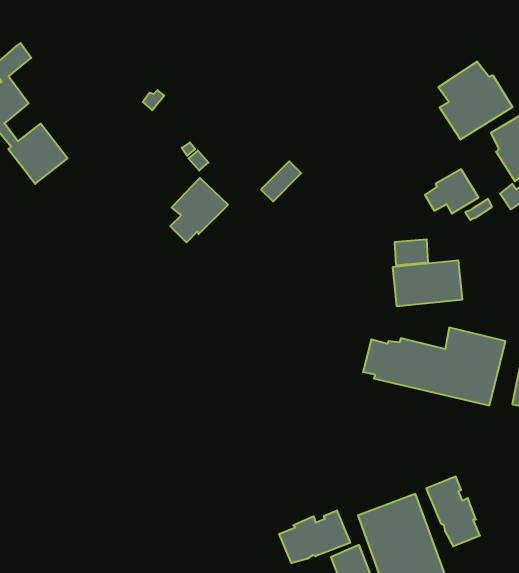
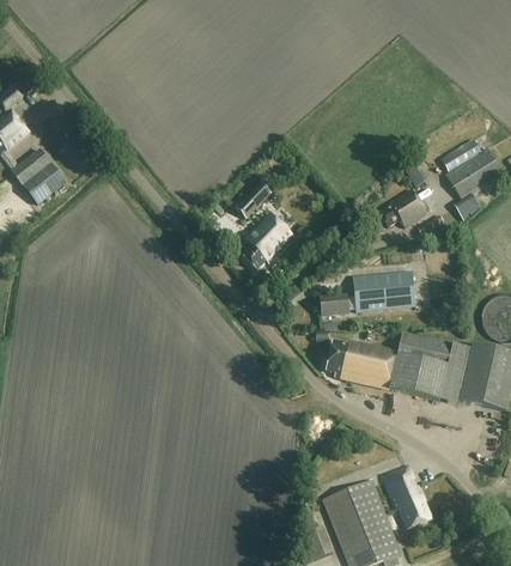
building: [438,61,513,140] -> none
building: [170,178,228,242] -> [242,211,293,268]
building: [395,240,428,265] -> [318,292,348,315]
building: [279,510,350,563] -> none

